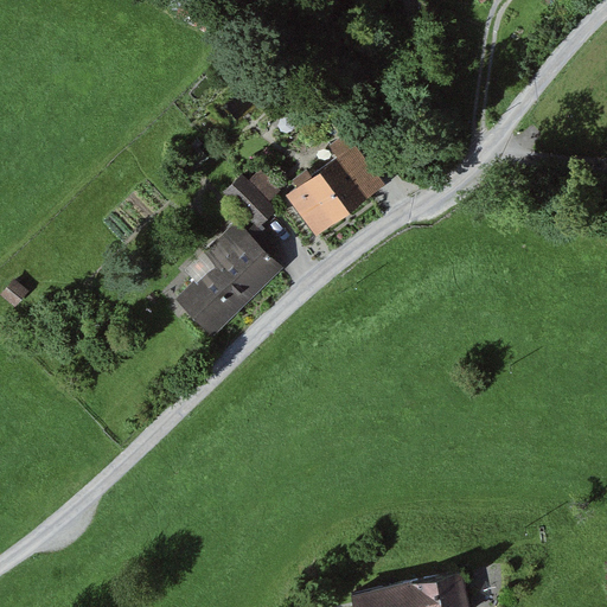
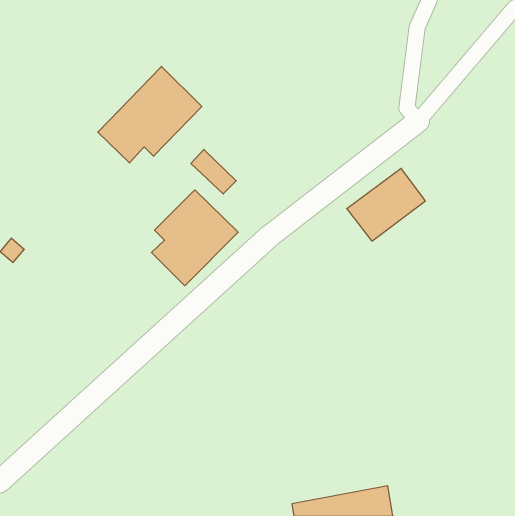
building: none -> [98,66,202,163]
building: [290,149,383,235] -> [347,168,425,241]

